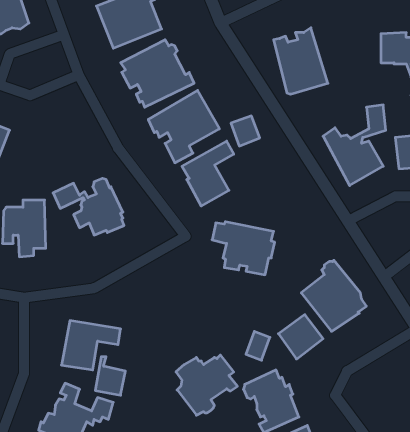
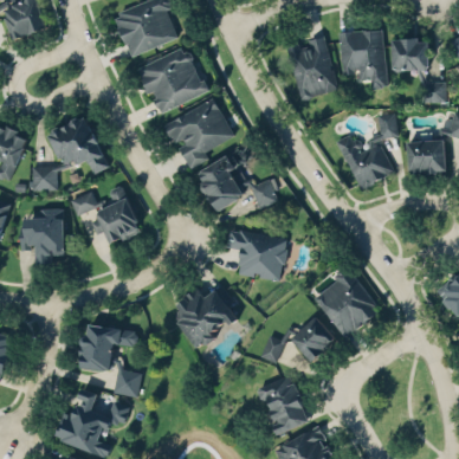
building: none -> [337,28,387,90]
building: none -> [46,118,108,174]
building: [231,116,260,146] -> [250,180,278,209]
building: none -> [31,166,56,190]
building: [176,355,237,415] -> [176,284,237,343]

